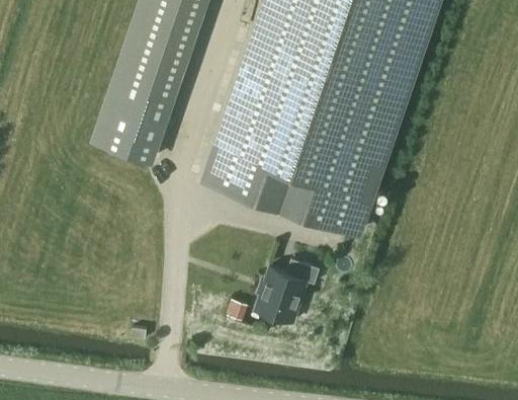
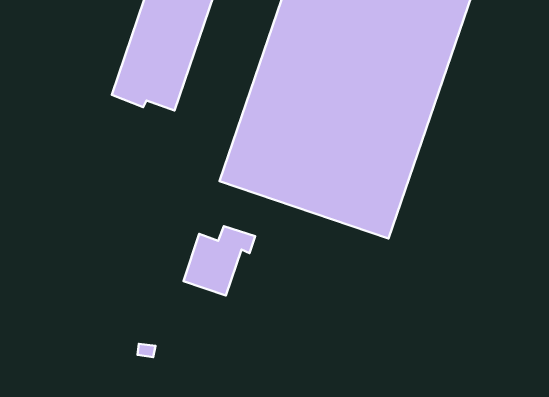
building: [95,103,165,162] -> none
building: [255,260,320,323] -> [183,226,255,296]

